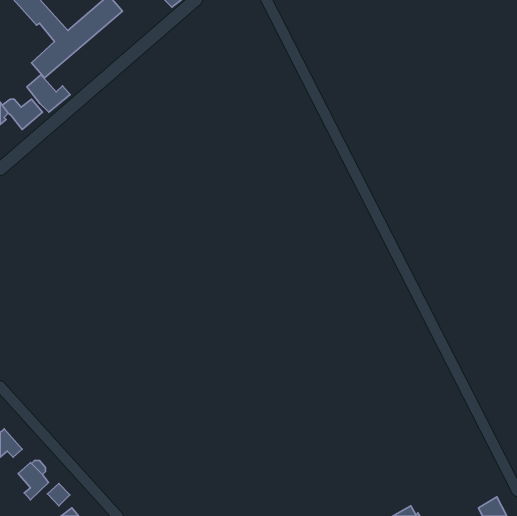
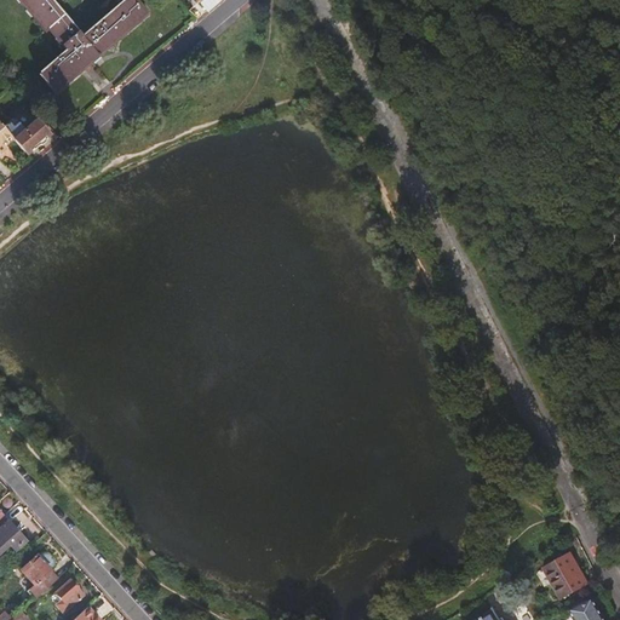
building: [27,75,70,112] -> none
building: none -> [545,552,586,596]

